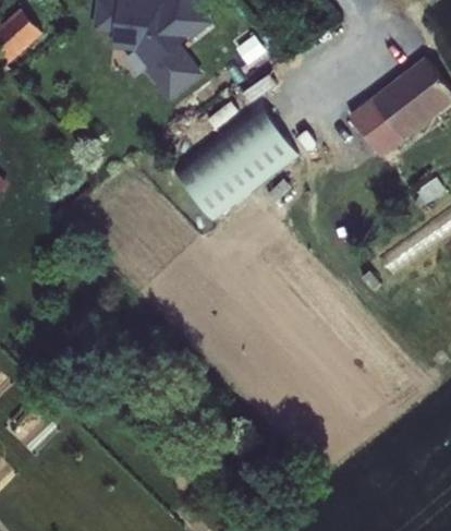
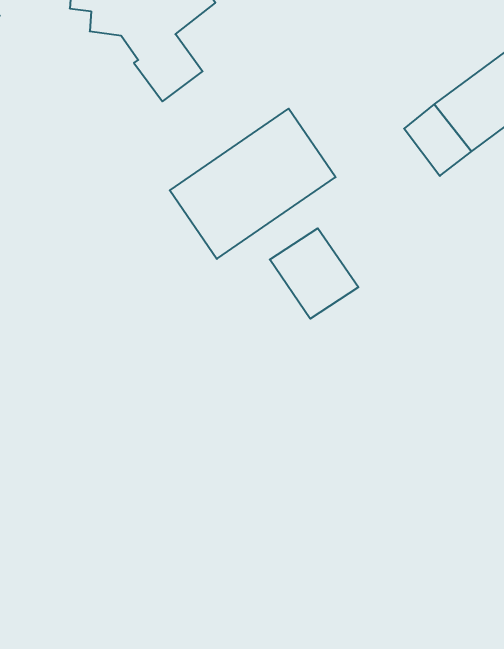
building: none -> [270,228,358,319]

